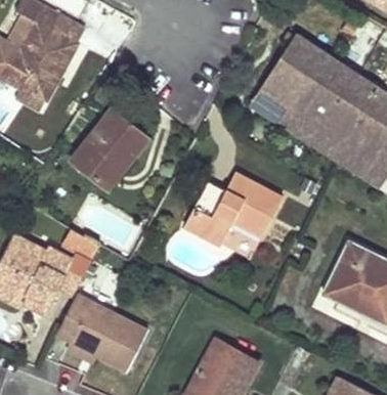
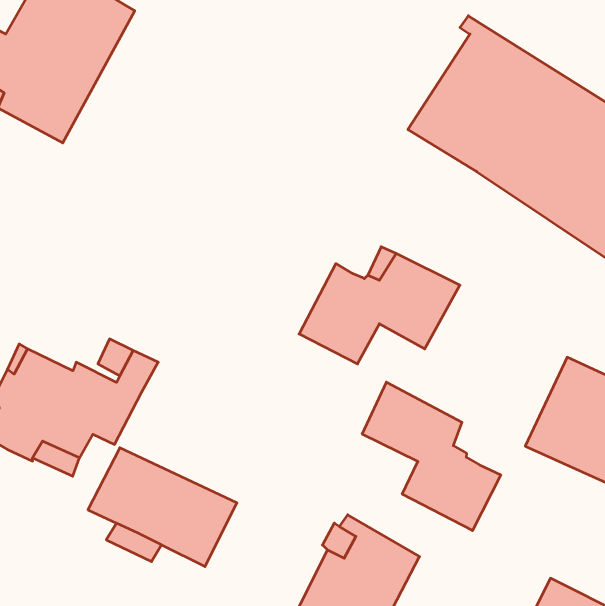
building: [72,111,145,188] -> none
building: none -> [362,382,501,531]

